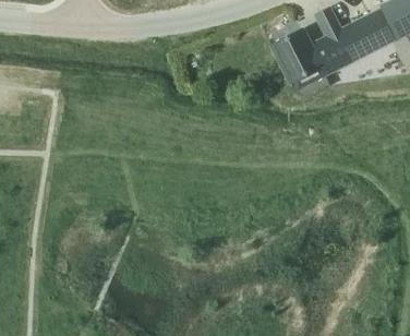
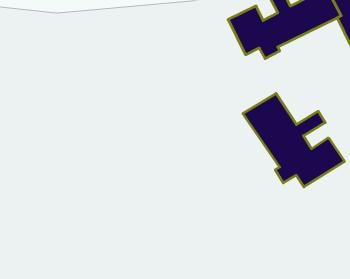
building: none -> [243,93,344,187]

